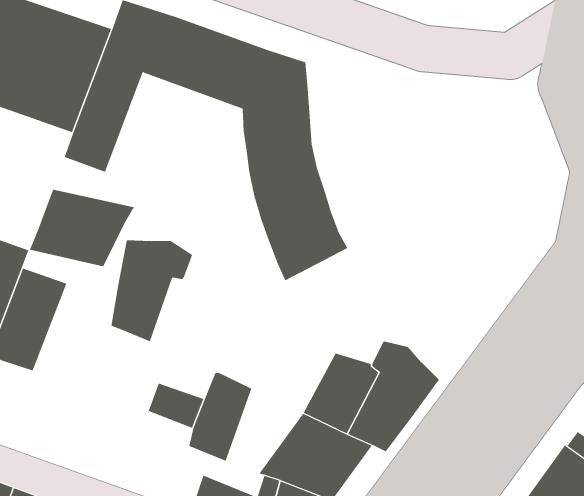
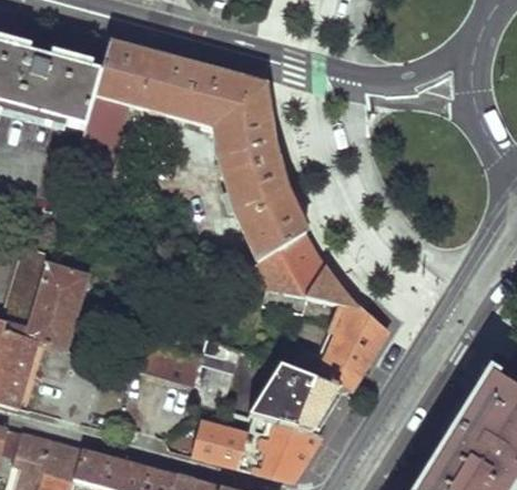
building: [29,189,135,267] -> none
building: [111,240,193,342] -> none
building: none -> [255,229,362,309]

